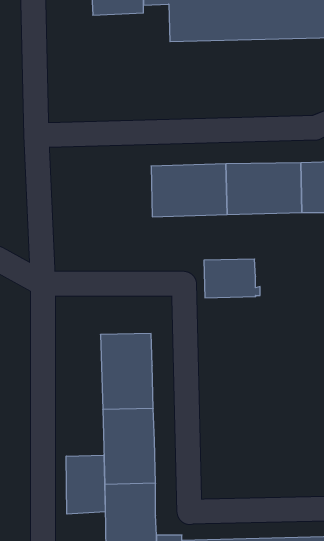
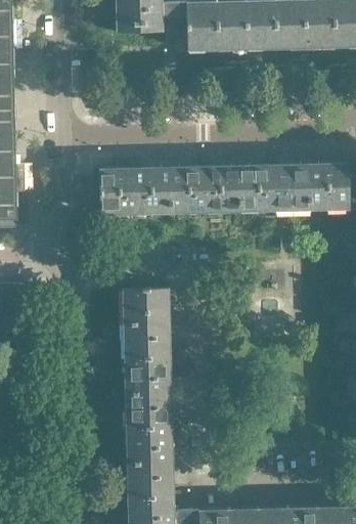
building: none -> [98,166,170,214]
building: [204,259,260,298] -> [121,287,173,322]
building: [66,455,105,514] -> none

